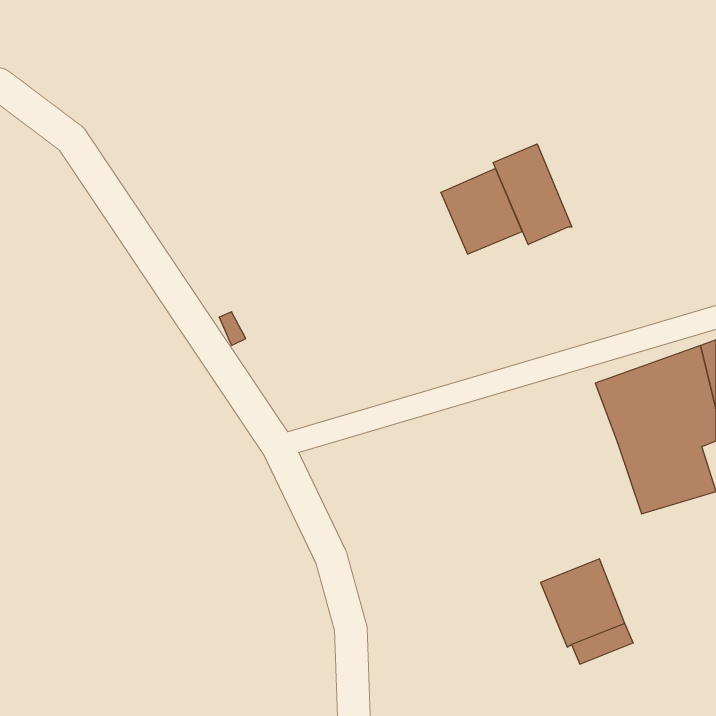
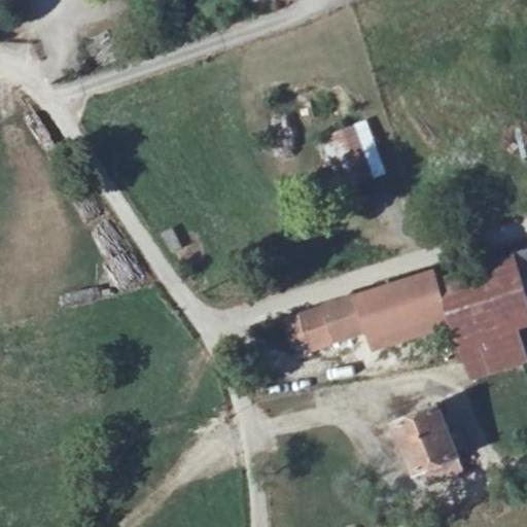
building: [493,144,572,245] -> none
building: none -> [282,274,453,348]

